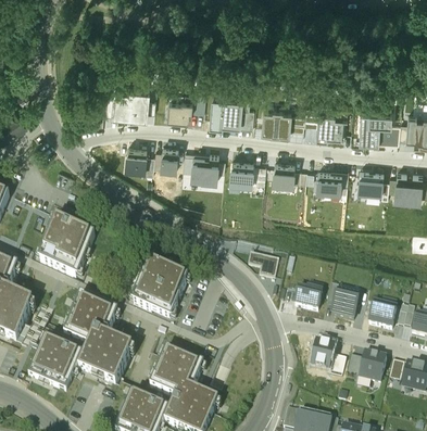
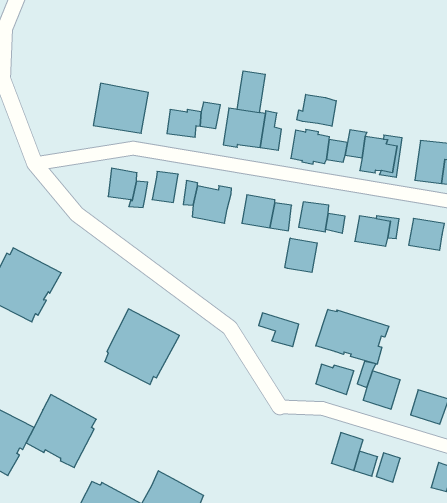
building: none -> [237,71,265,113]
building: none -> [297,94,336,126]
building: none -> [285,238,317,272]
building: none -> [316,309,389,364]
building: [62,288,115,337] -> none
building: [149,340,201,389] -> none
building: [359,350,386,379] -> none

